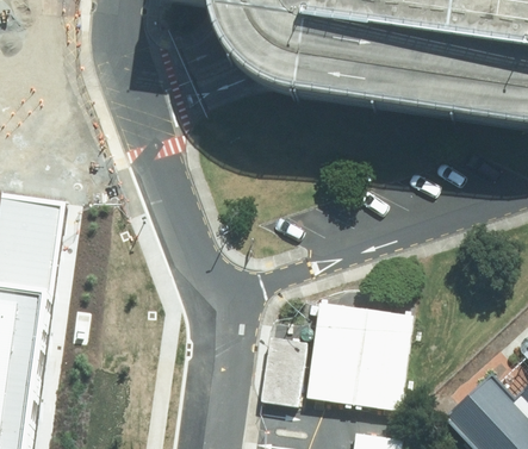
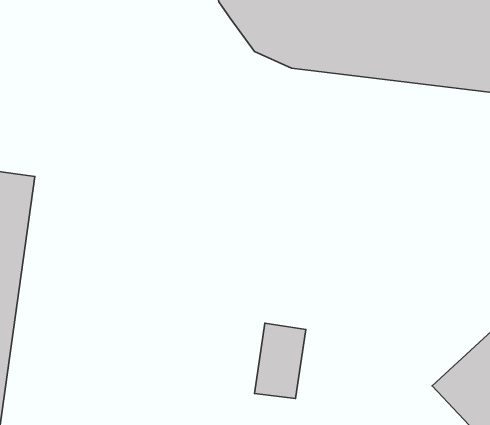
building: [325,311,434,419] -> none

